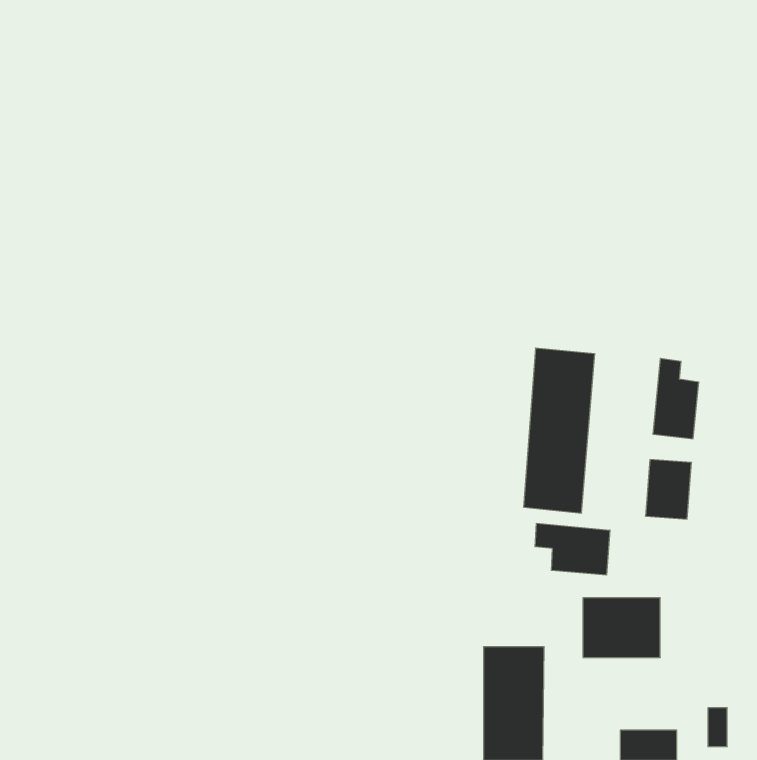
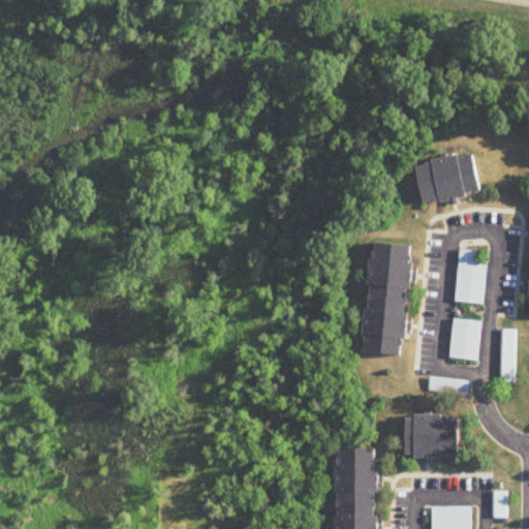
building: none -> [415,154,481,205]
building: none -> [499,330,514,383]
building: [535,523,610,575] -> none

